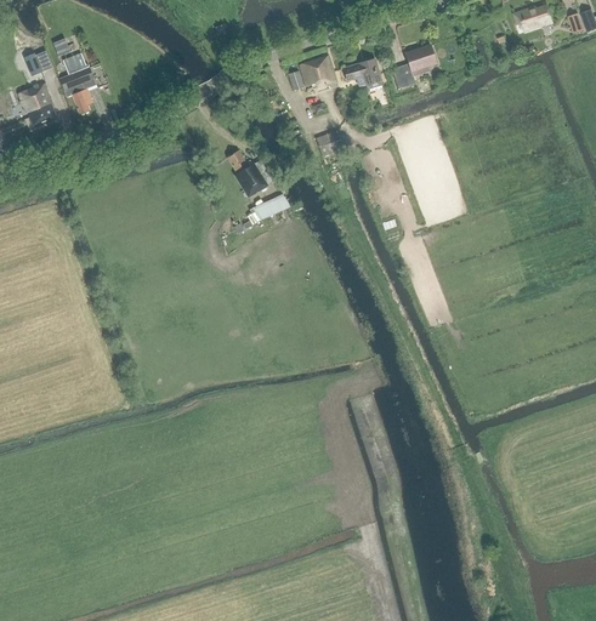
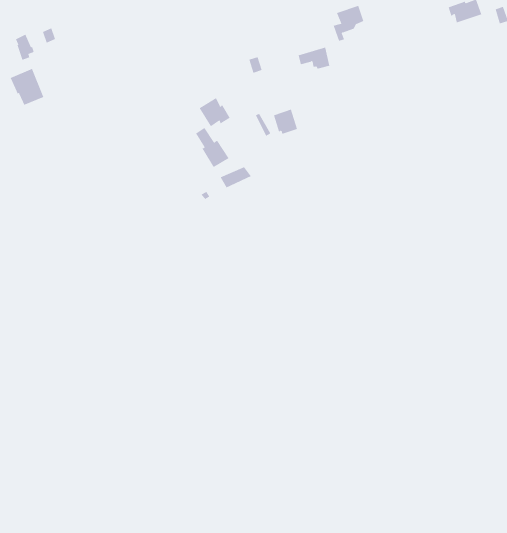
building: [401,44,436,85] -> [333,5,364,42]
building: [59,52,93,113] -> none
building: [300,53,335,85] -> none
building: none -> [199,97,230,127]

